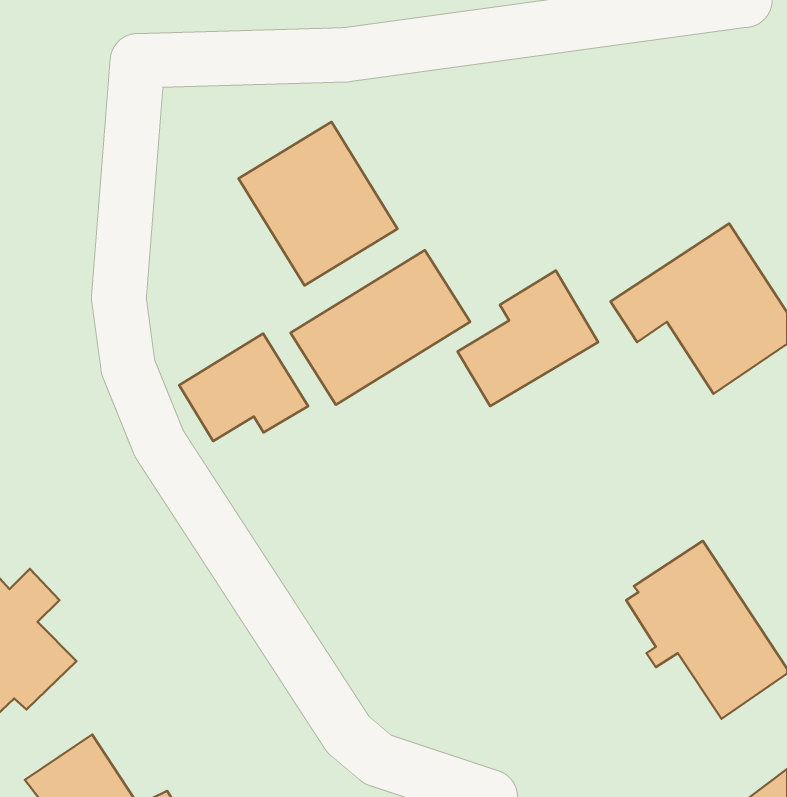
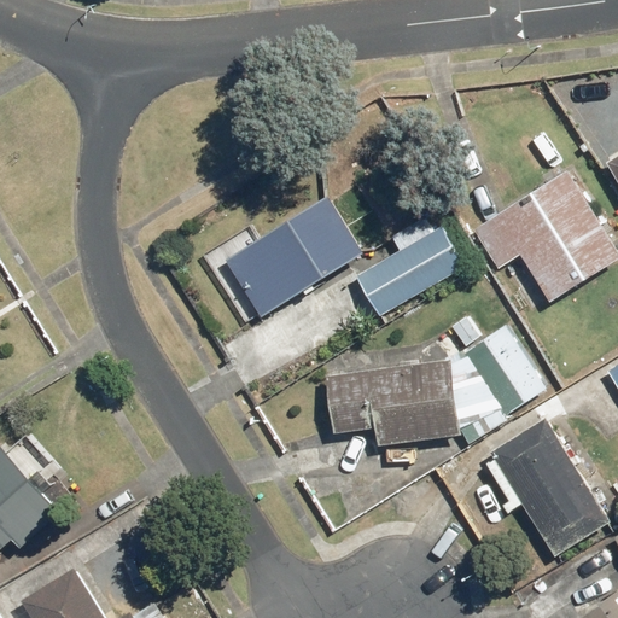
building: [239,122,398,286] -> none
building: [179,333,308,441] -> none
building: none -> [326,317,544,448]

